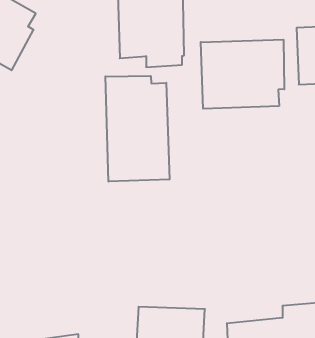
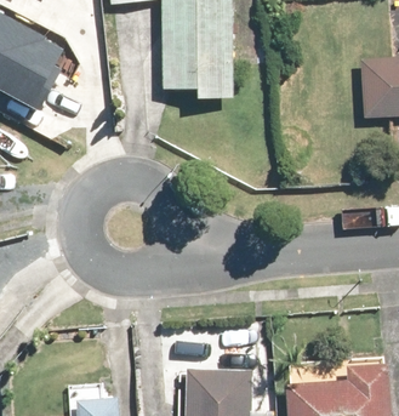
building: [201,40,284,109] -> none
building: [105,76,170,182] -> none

